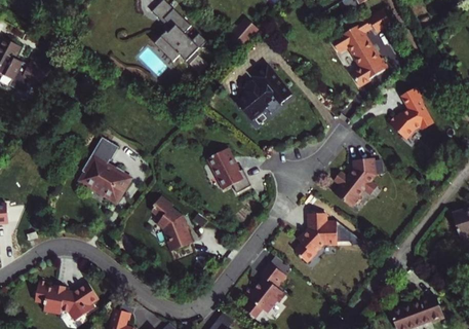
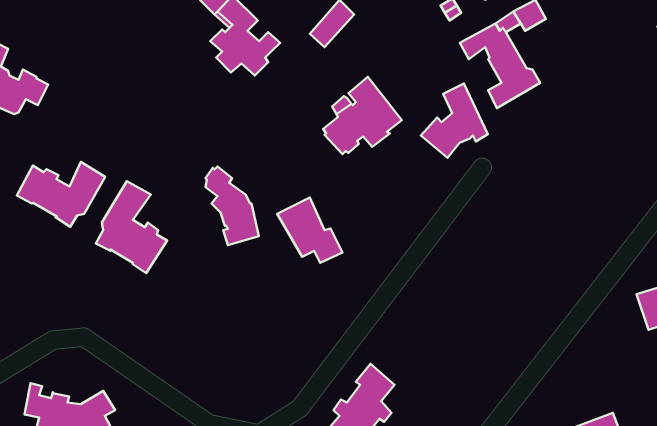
building: [389,87,435,139] -> [421,83,488,158]
building: none -> [17,162,105,227]
building: [334,160,378,205] -> none
building: [153,195,190,250] -> [206,166,259,245]
building: [294,214,337,262] -> none

